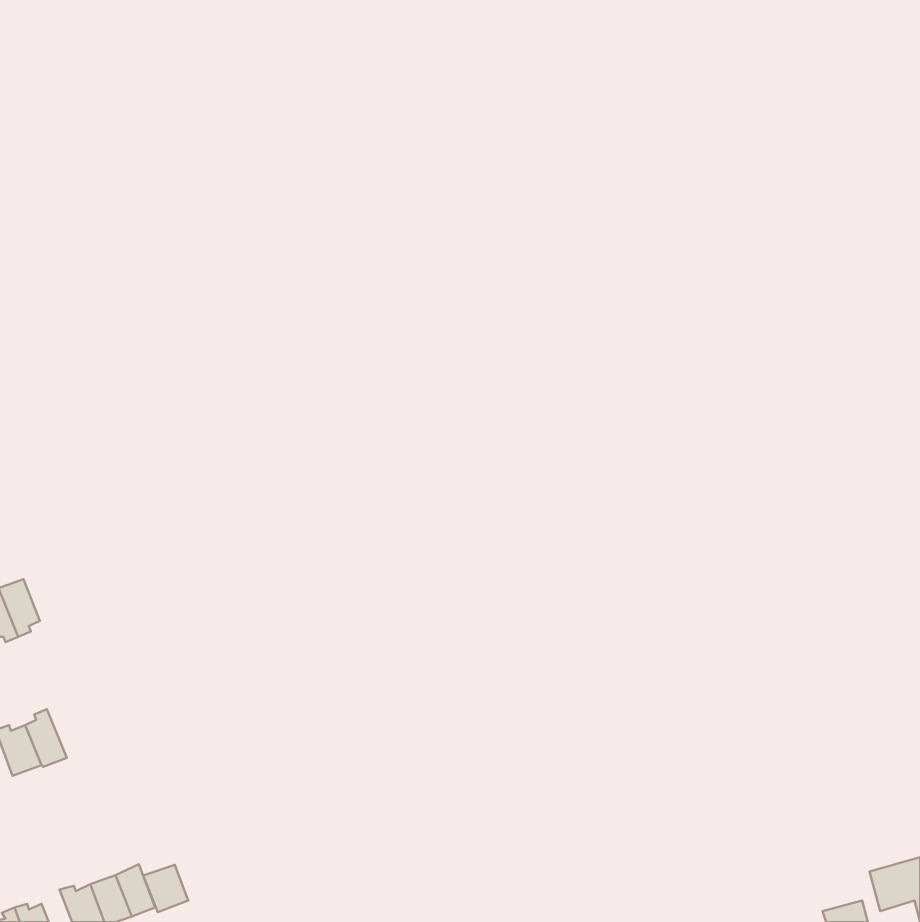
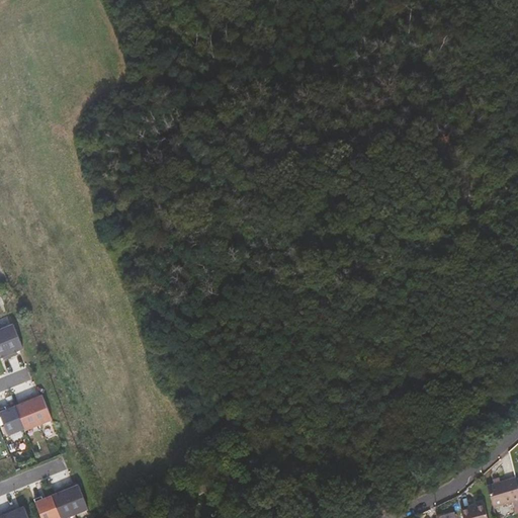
building: none -> [26,395,51,425]
building: [143,865,188,912] -> none

